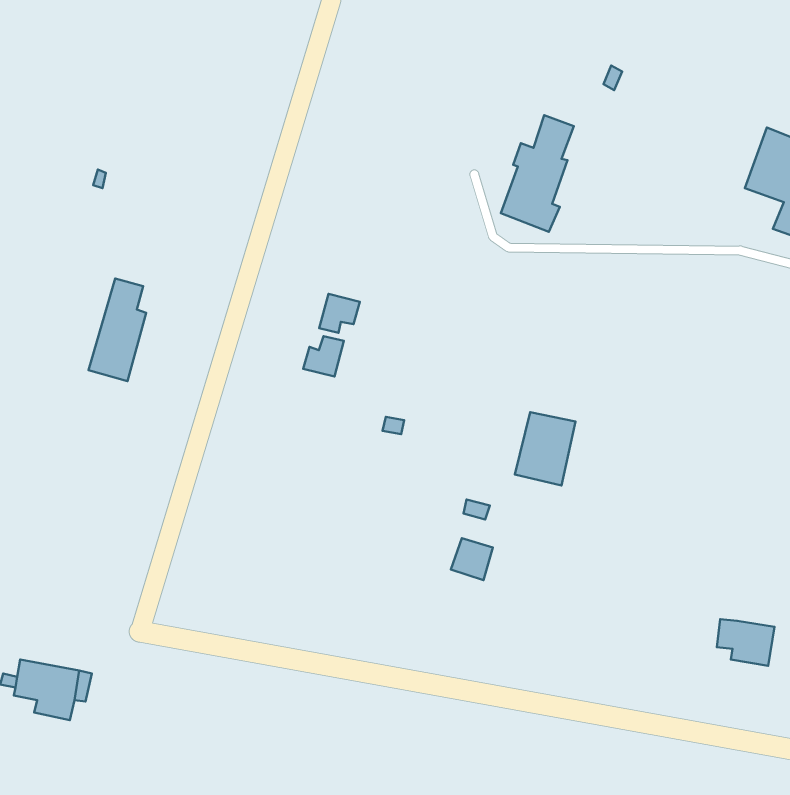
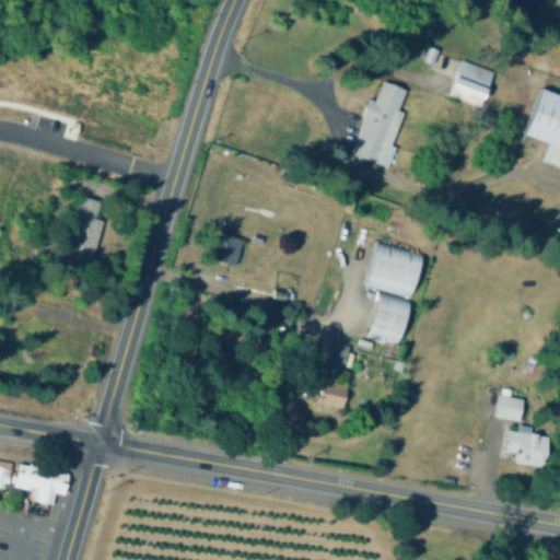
building: none -> [453,65,493,108]
building: [319,294,360,333] -> none
building: none -> [365,243,423,300]
building: none -> [495,396,524,421]

